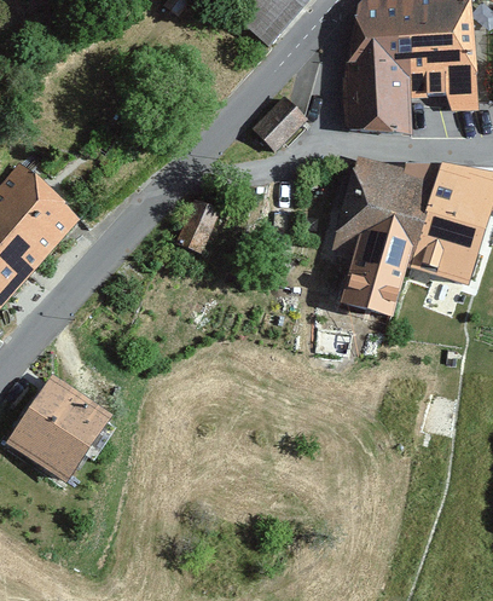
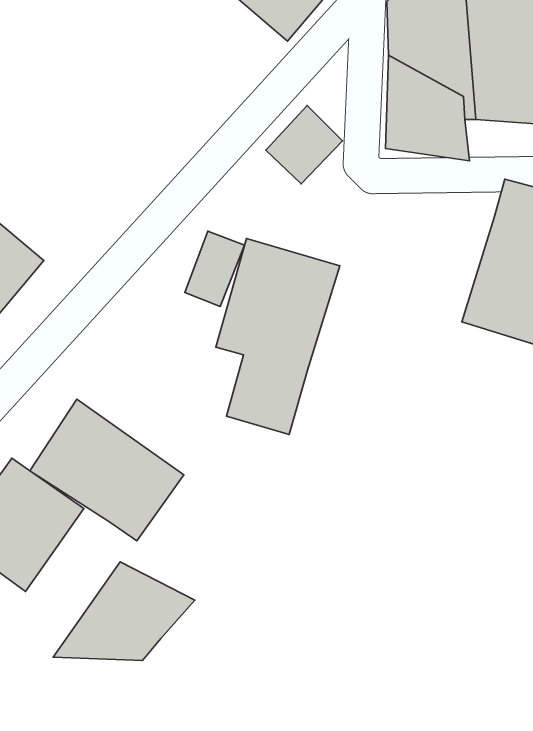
building: [334,161,431,316] -> [216,238,340,435]
building: none -> [30,399,184,541]
building: none -> [53,562,195,661]

